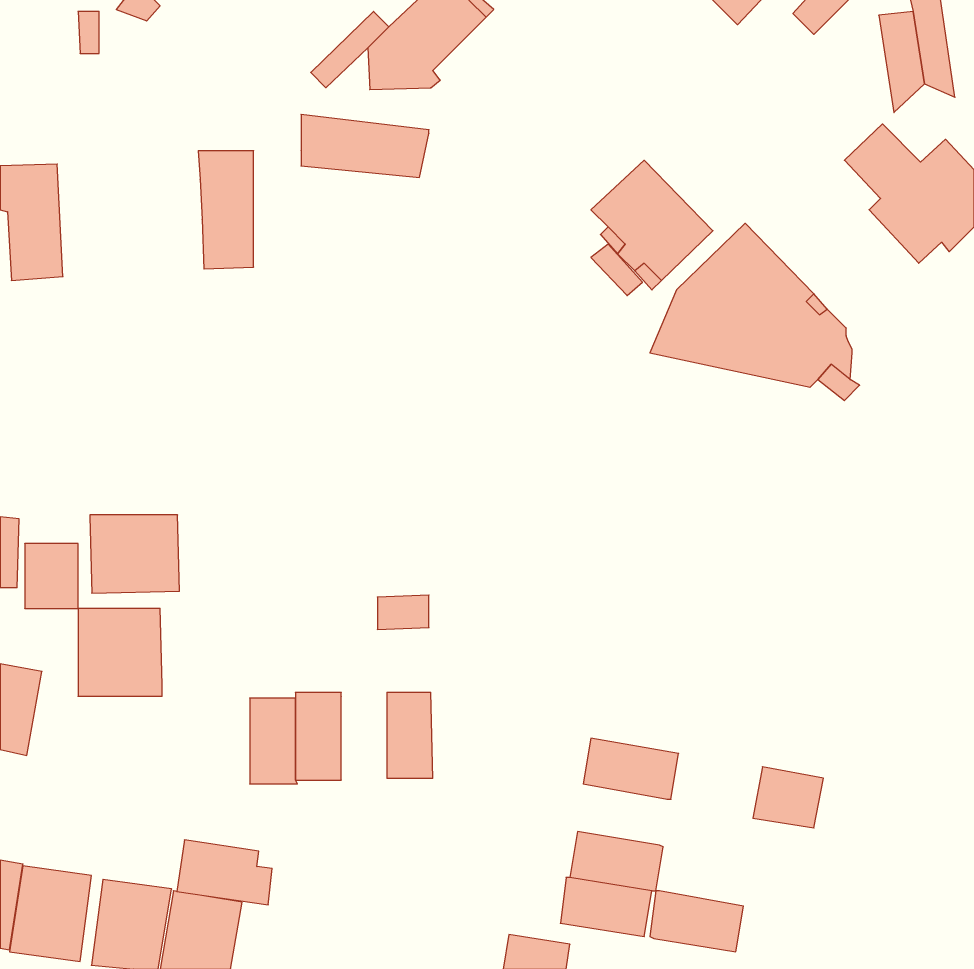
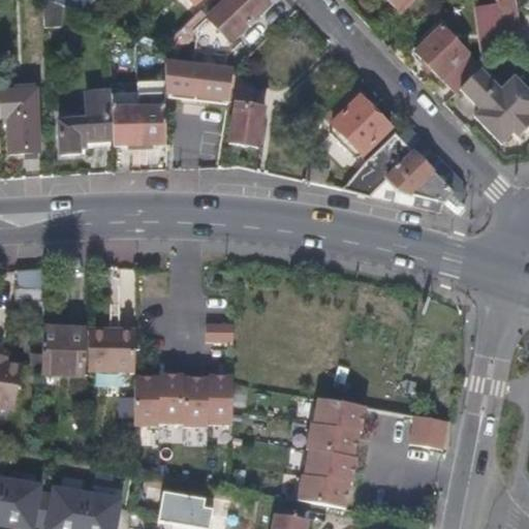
building: none -> [415,25,481,91]
building: none -> [226,72,262,145]
building: none -> [137,82,163,145]
building: none -> [56,97,110,154]
building: [90,515,179,593] -> [87,329,135,371]
building: none -> [185,377,210,425]
building: [177,840,272,905] -> [157,484,209,519]
building: [650,891,743,952] -> [311,425,362,458]

